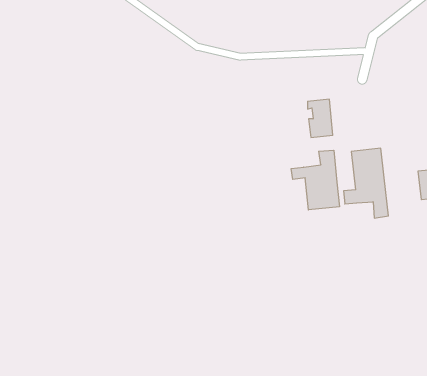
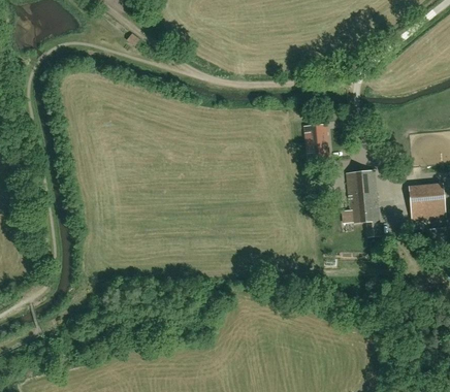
building: [291,150,339,210] -> none

